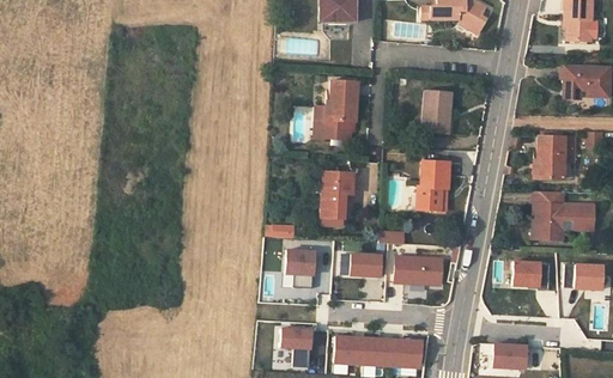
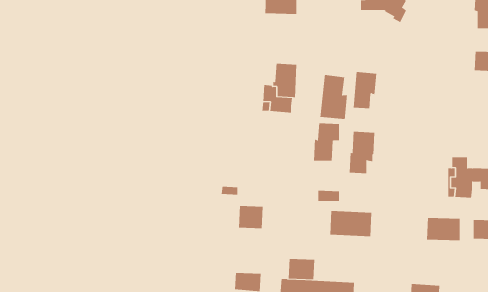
building: none -> [320,74,347,120]
building: [538,136,564,179] -> none
building: [321,172,352,218] -> [313,123,340,161]
building: [352,251,384,276] -> [288,259,315,280]

